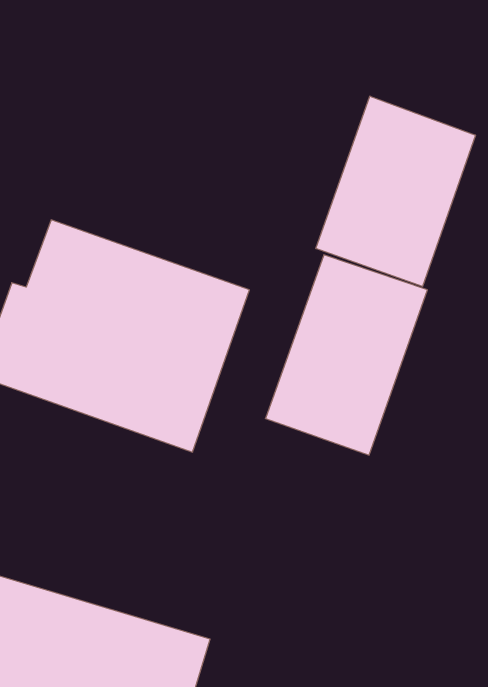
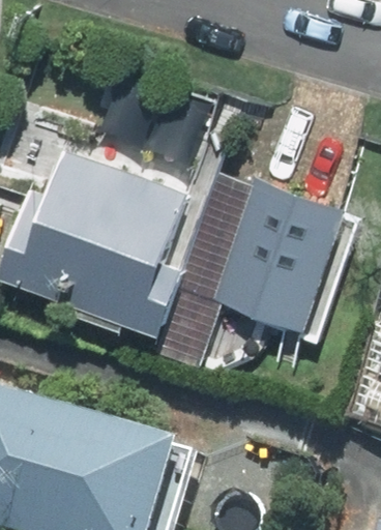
building: [316,96,475,286] -> none

